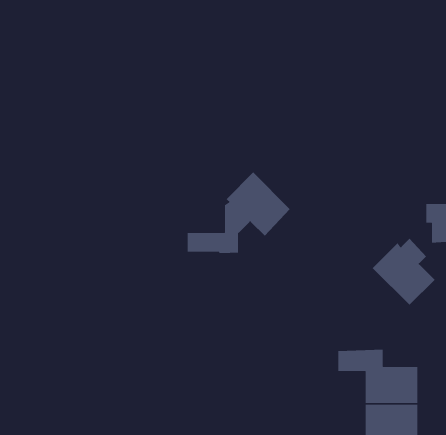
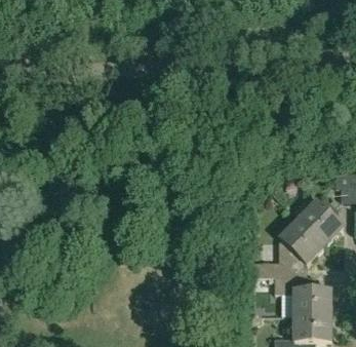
building: [187,172,291,254] -> [250,220,324,278]

